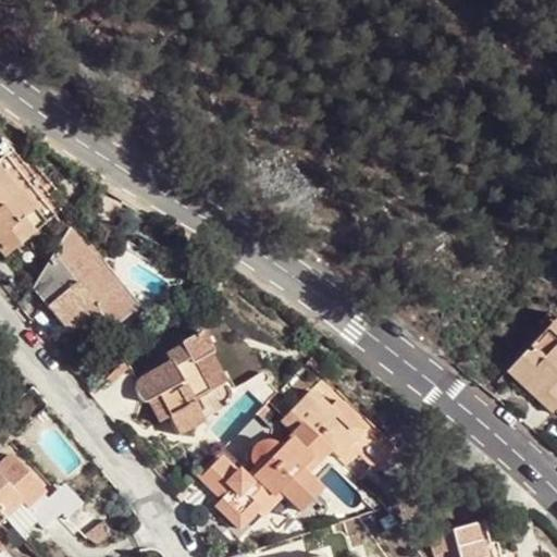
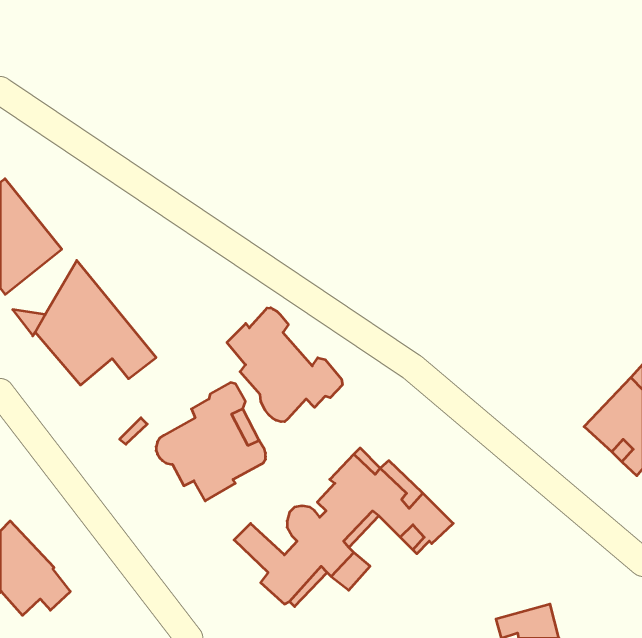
building: none -> [227,308,342,422]

